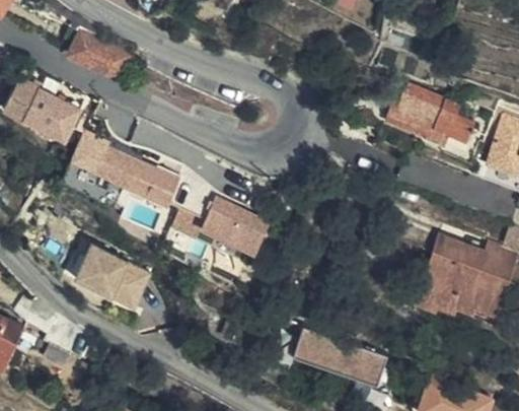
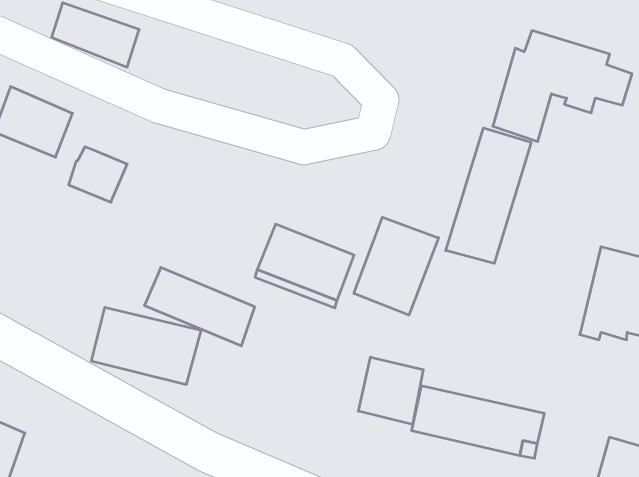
building: [100,148,177,209] -> [144,267,255,346]
building: none -> [446,128,531,263]
building: none -> [354,217,439,315]
building: none -> [358,357,423,425]

